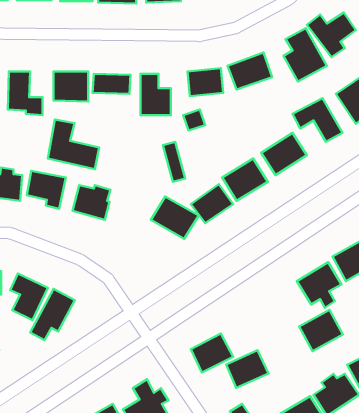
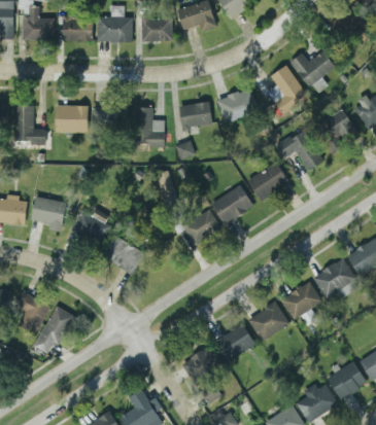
building: [48,119,99,169] -> none
building: [151,197,199,239] -> [101,235,145,274]
building: [299,310,343,351] -> [248,302,288,340]
building: [226,350,269,388] -> [216,325,255,360]

